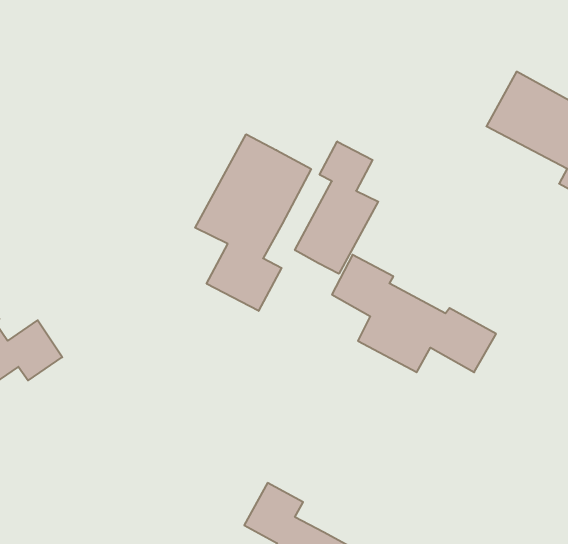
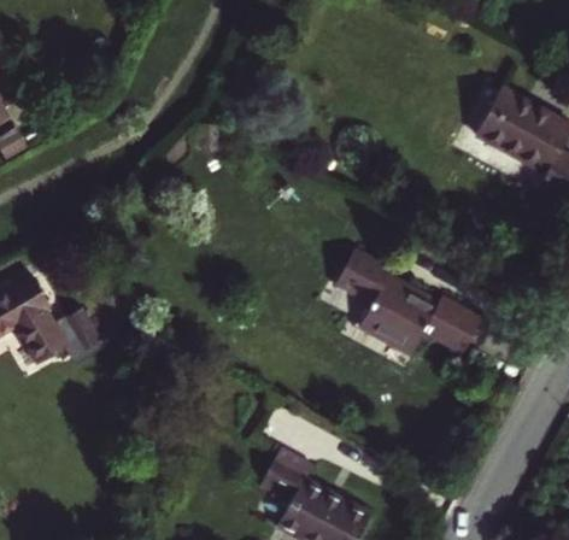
building: [195,134,311,311] -> none
building: [295,141,378,274] -> none

